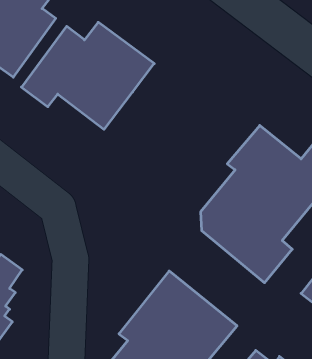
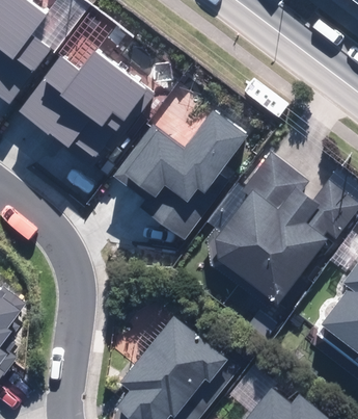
building: none -> [112,109,246,239]

